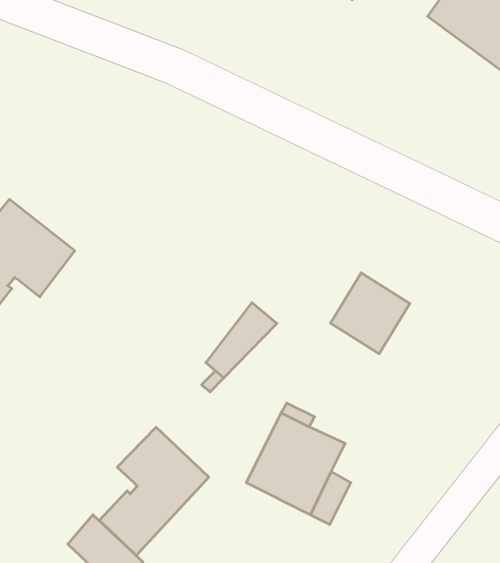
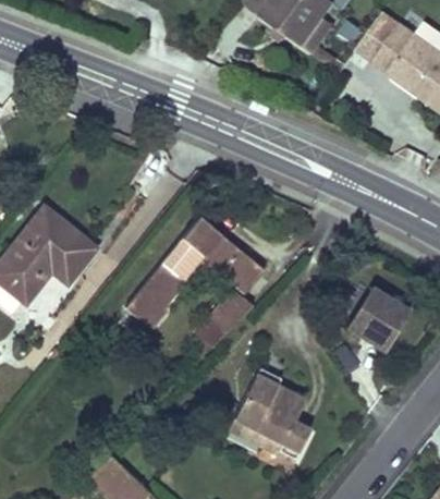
building: none -> [126,215,266,327]
building: [330,273,410,354] -> [346,290,408,353]
building: [99,427,209,556] -> none

